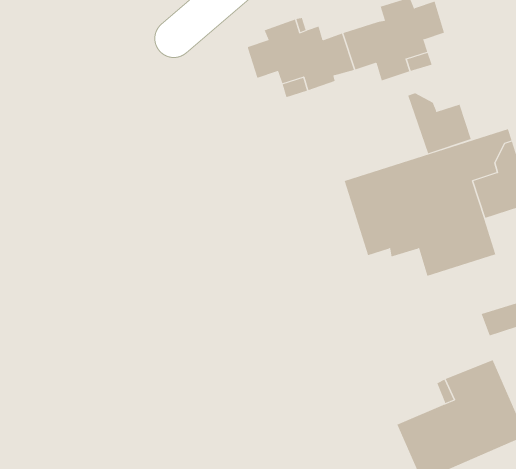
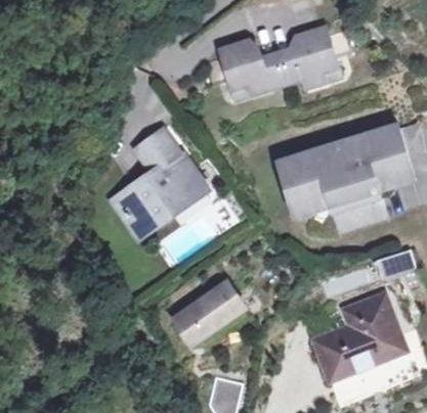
building: [408,93,471,154] -> none
building: none -> [112,129,203,234]
building: none -> [171,280,244,346]

